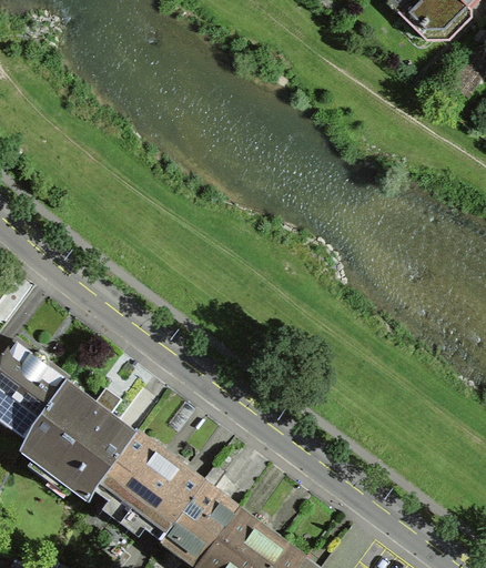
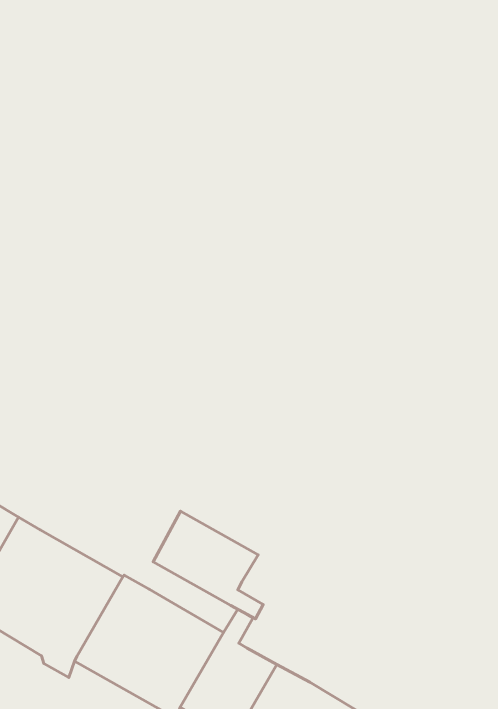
building: none -> [153,511,263,619]

